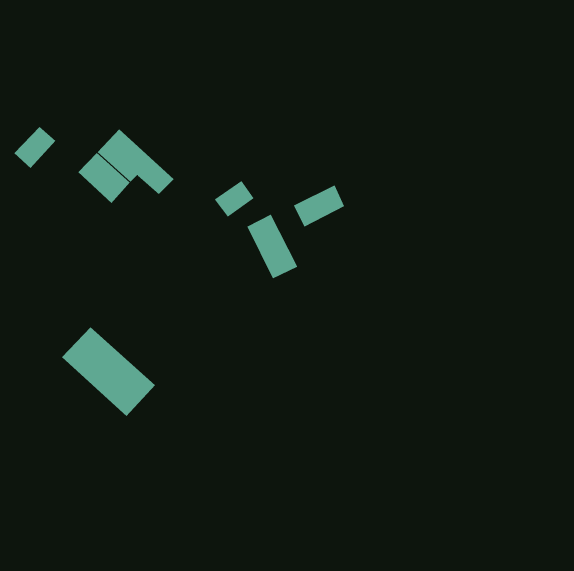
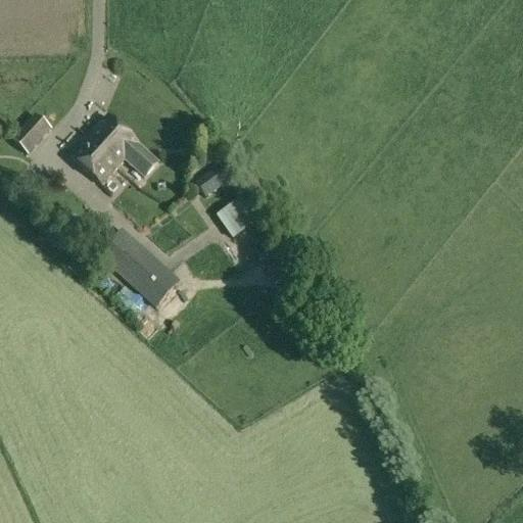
building: [293,185,345,228] -> none
building: [61,327,156,417] -> [96,228,182,310]

